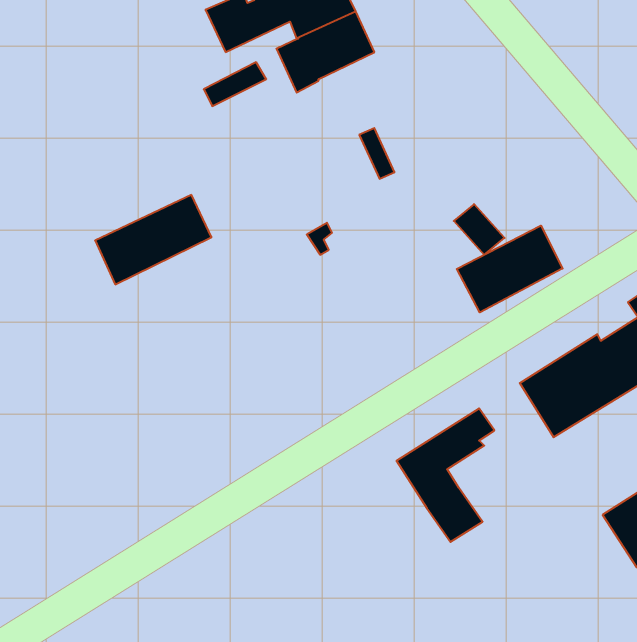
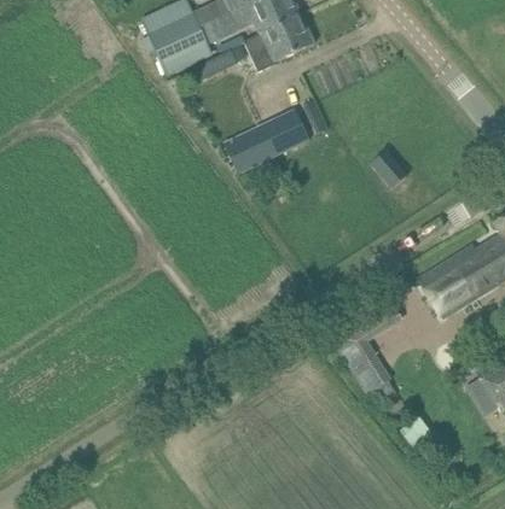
building: none -> [146,12,213,75]
building: [95,195,212,284] -> [225,109,308,172]
building: [457,226,563,312] -> none

